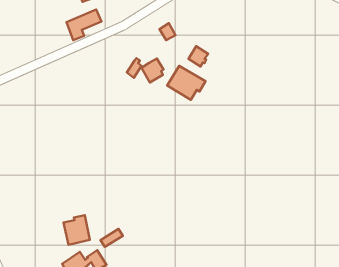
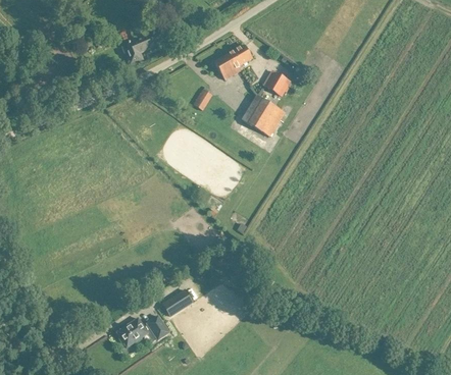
building: [141,58,164,82] -> [214,52,241,81]
building: [63,215,90,245] -> none

